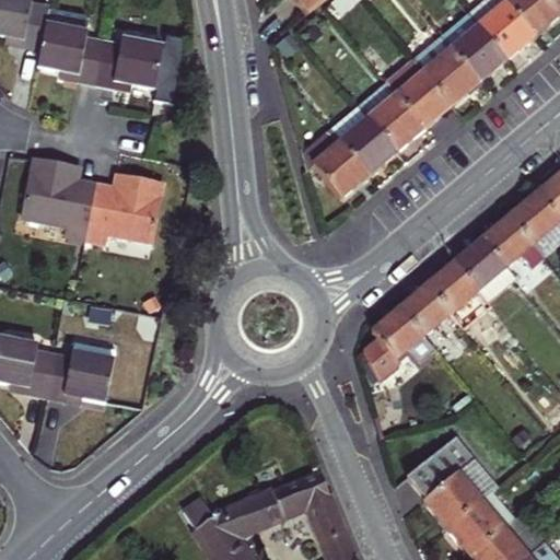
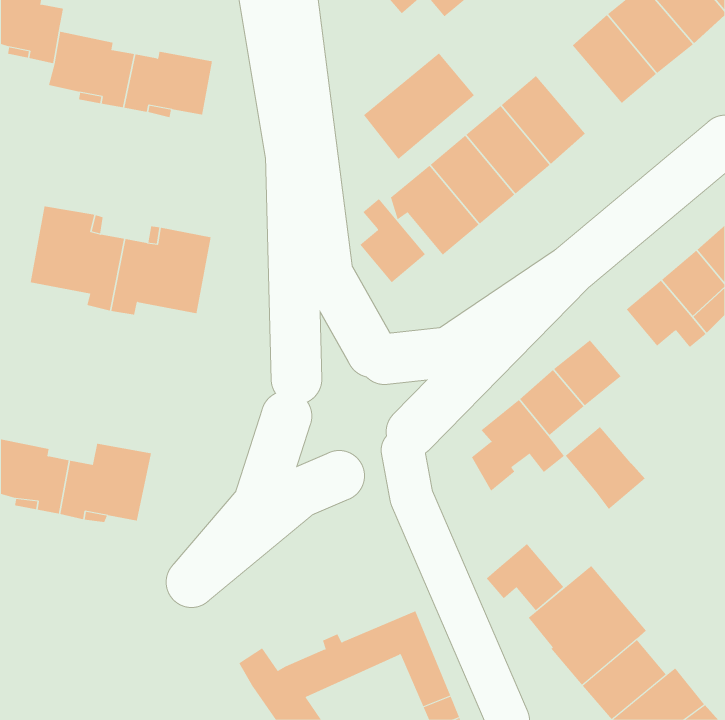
building: [413,35,479,103] -> none
building: none -> [363,53,475,160]
building: none -> [360,198,426,283]
building: [455,238,517,303] -> [565,426,646,510]
building: none -> [486,543,564,611]

